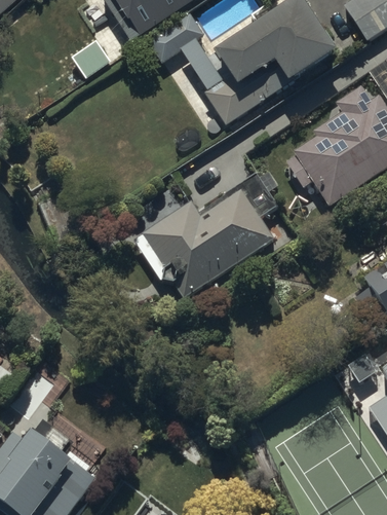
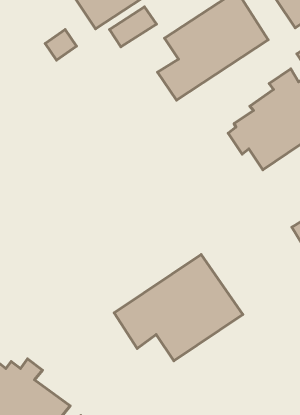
building: [144,169,277,297] -> none
building: none -> [114,254,243,361]

